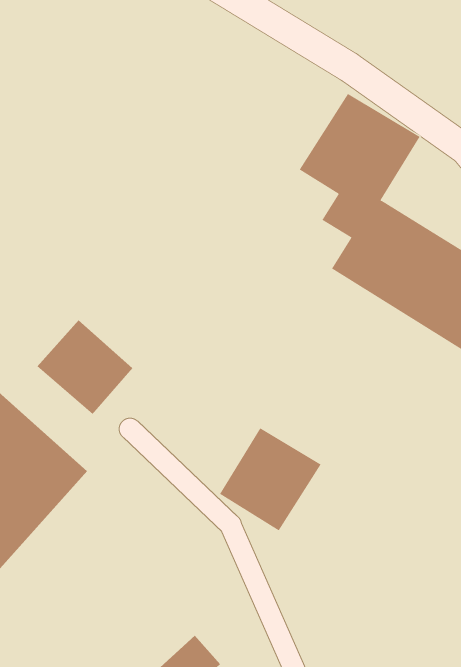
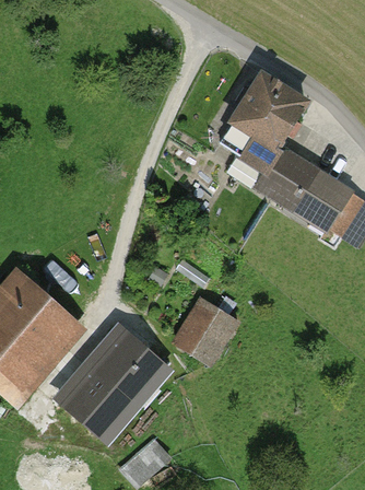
building: [37,319,133,415] -> none
building: none -> [54,323,175,446]

